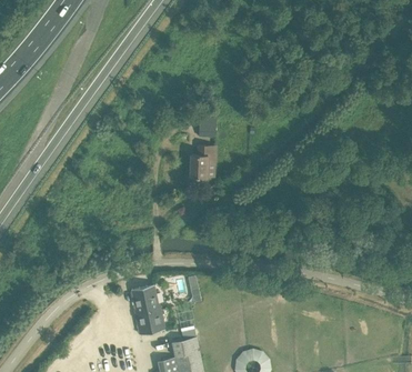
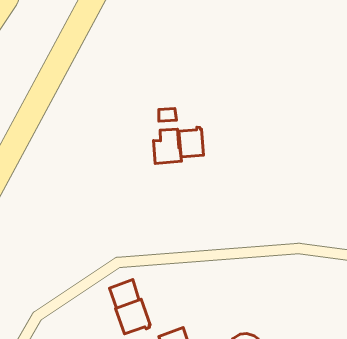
building: none -> [179,127,204,157]

